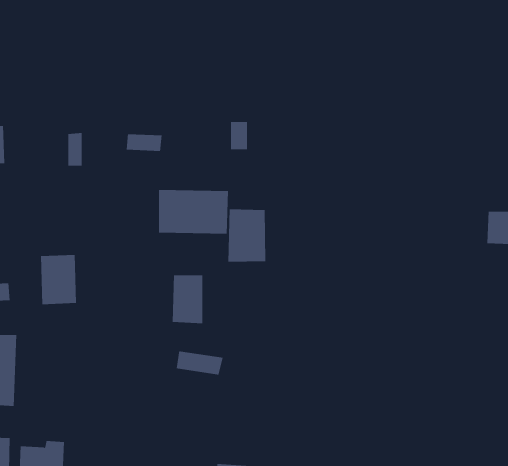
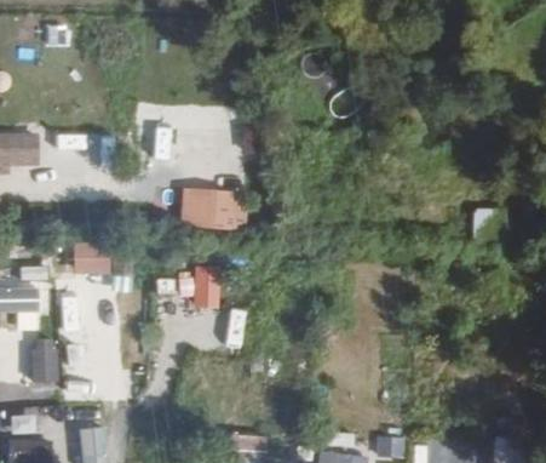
building: [228,209,266,263] -> none

